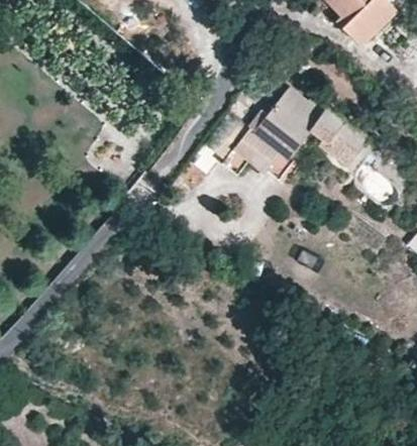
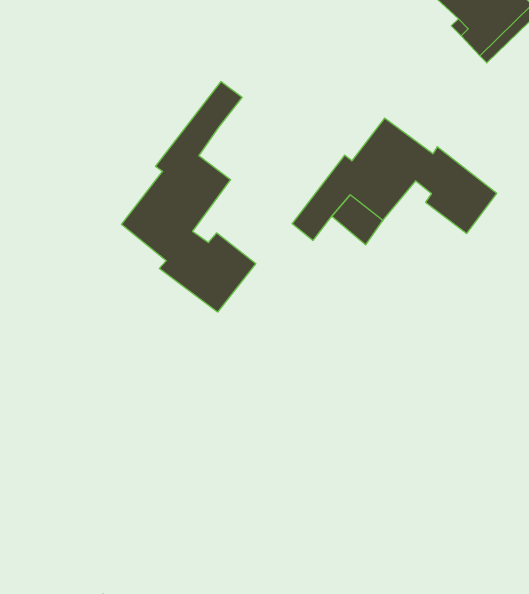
building: none -> [122,82,256,312]

